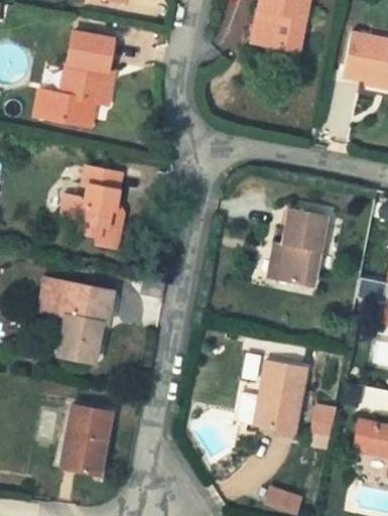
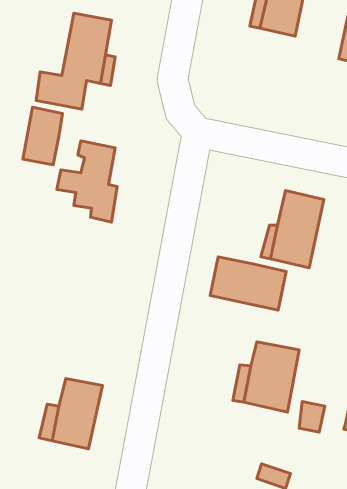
building: none -> [23,107,62,165]
building: [33,270,112,360] -> none
building: none -> [210,257,286,310]

